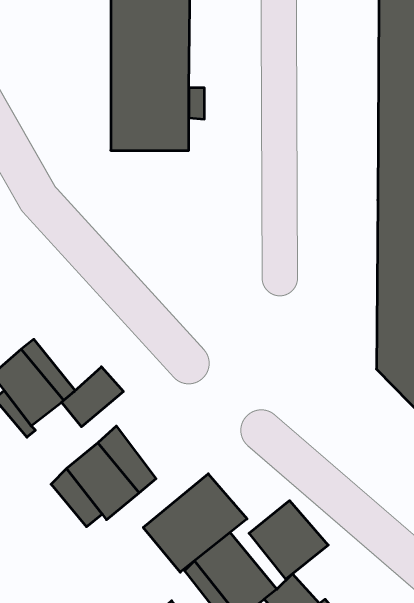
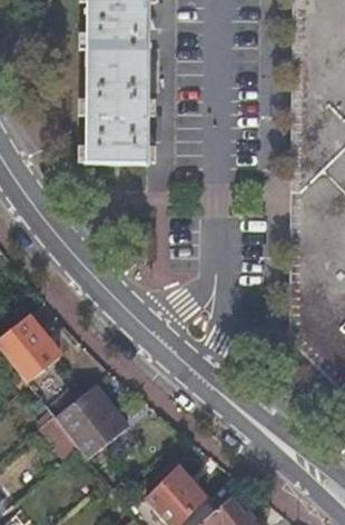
building: [62,367,123,427] -> none
building: [143,474,247,572] -> none
building: [249,501,328,579] -> none

